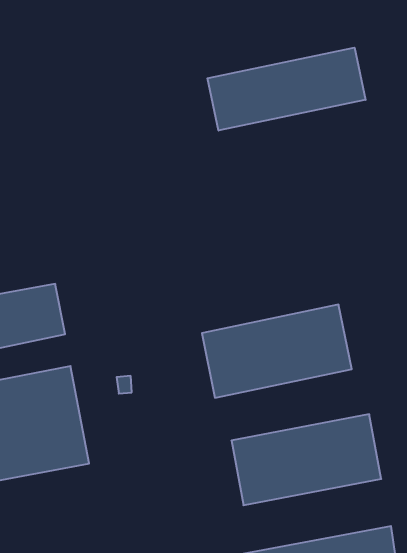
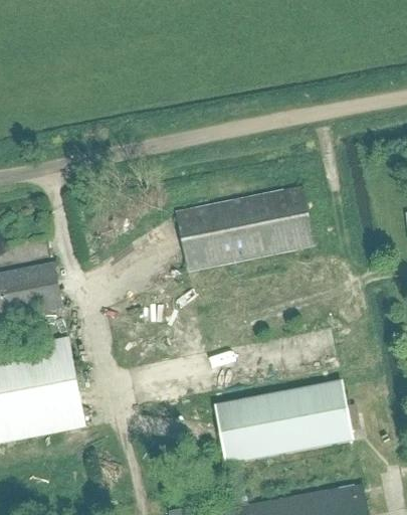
building: [207,48,366,131] -> none
building: [202,305,352,398] -> [175,185,313,271]

